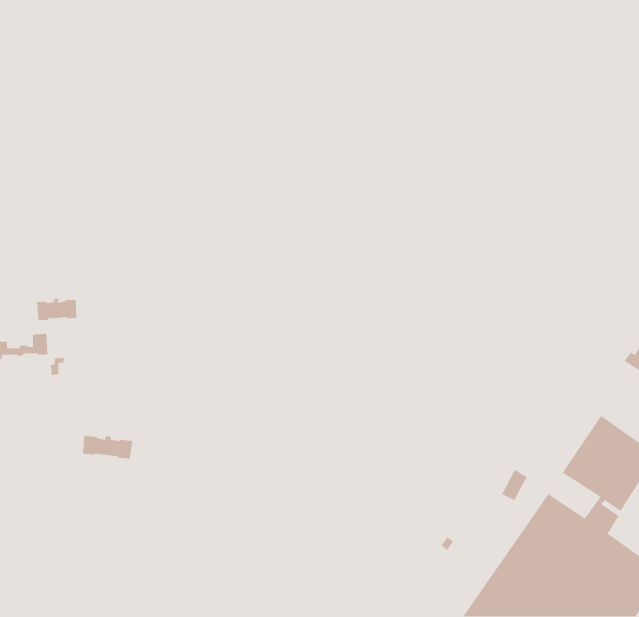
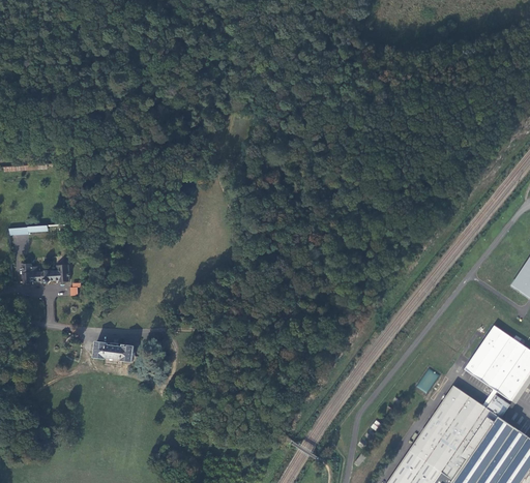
building: [36,298,77,321] -> none

